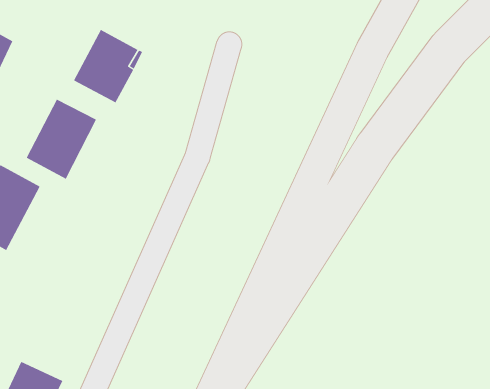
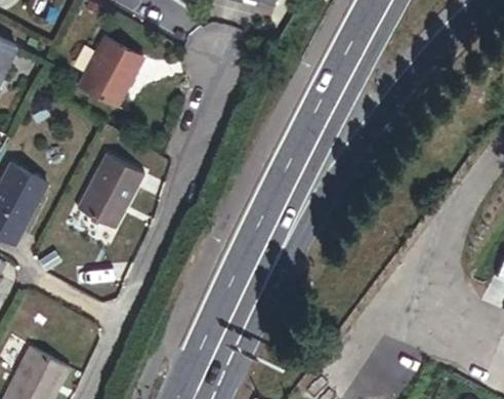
building: [26,99,97,180] -> [76,153,142,229]

